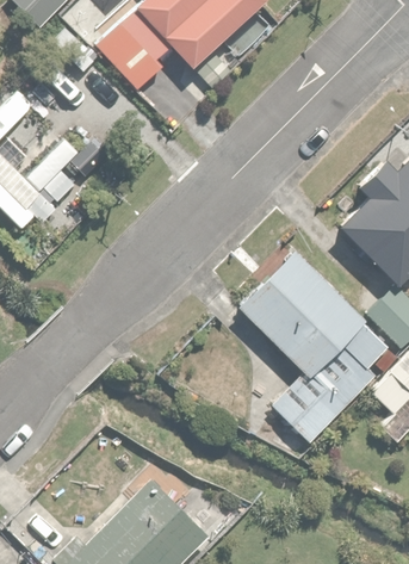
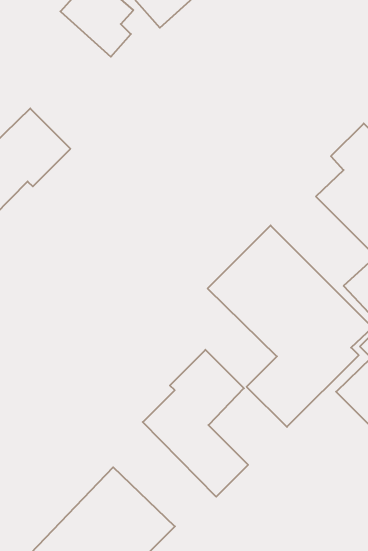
building: none -> [143,350,248,497]

